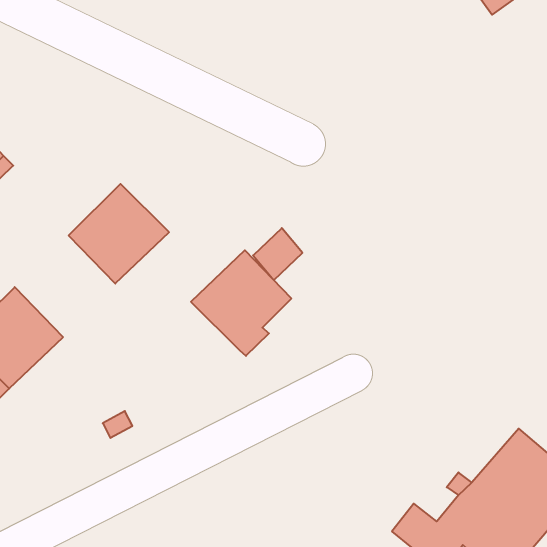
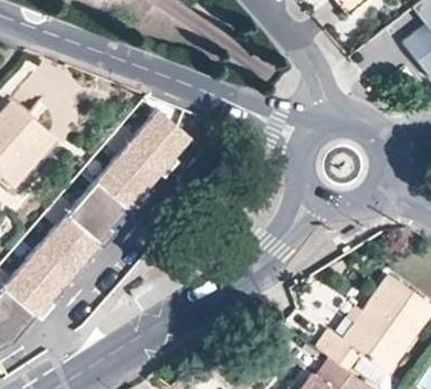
building: none -> [65,180,128,248]
building: [191,250,291,356] -> [126,109,189,176]

